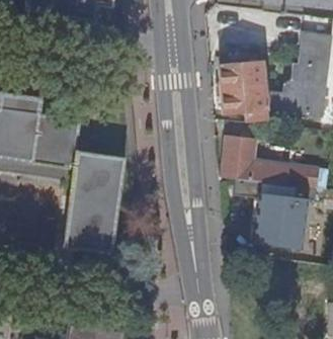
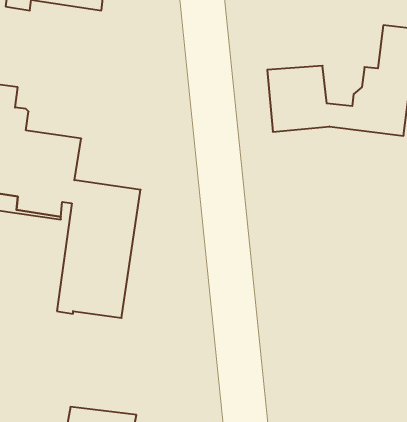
building: [221,138,320,189] -> none
building: [253,193,307,250] -> none

